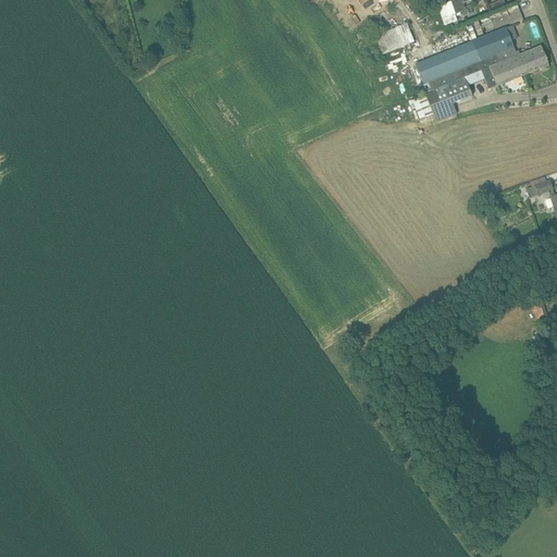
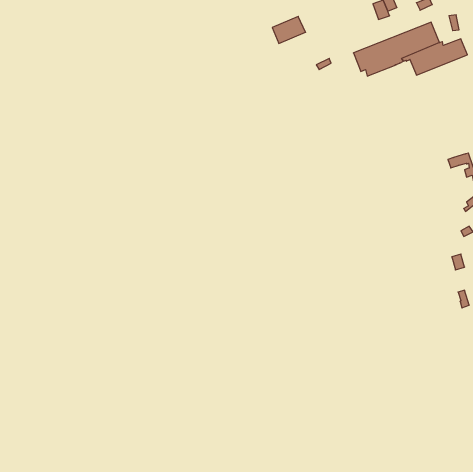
building: [376,22,416,53] -> [272,16,306,43]
building: [425,76,473,122] -> none

